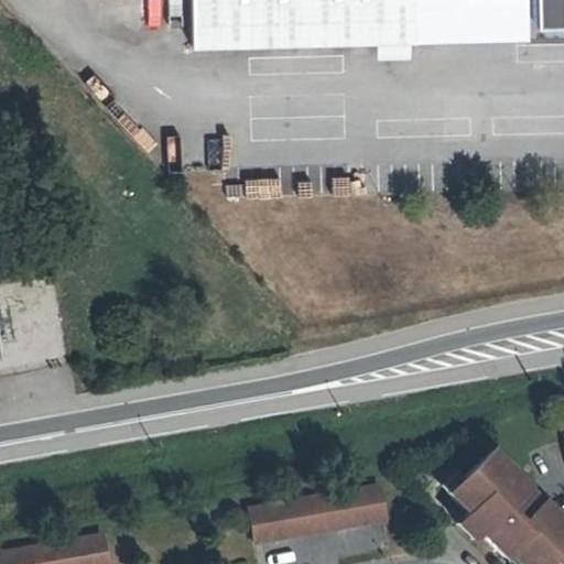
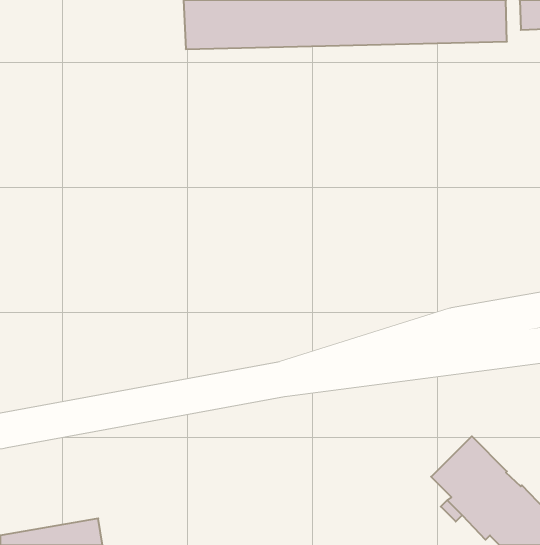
building: [252,487,389,542] -> none

